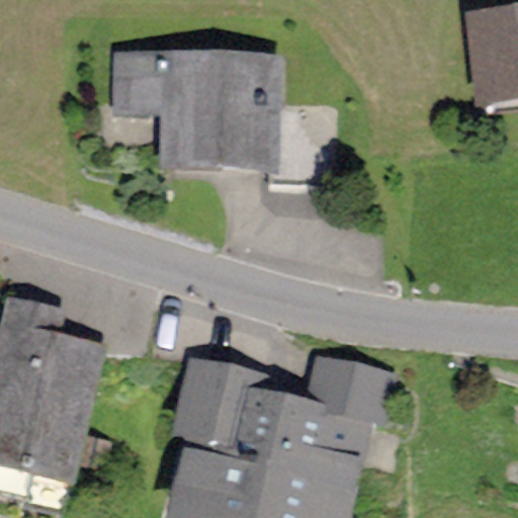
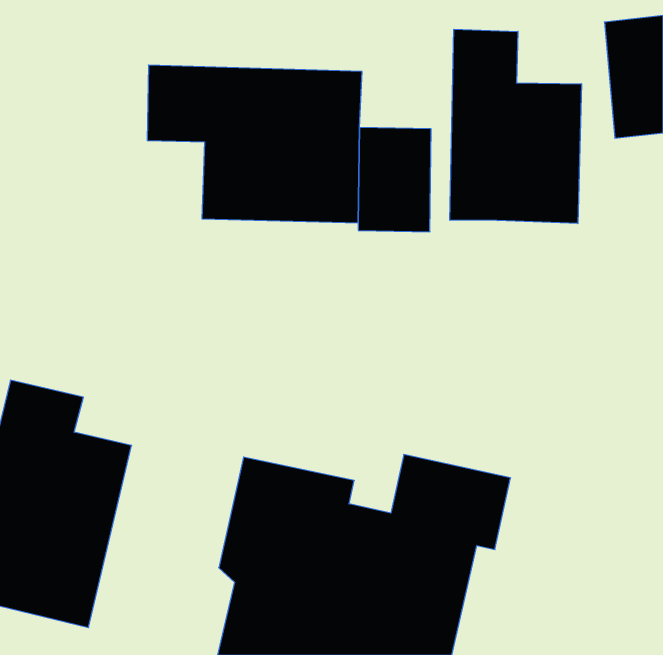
building: none -> [450,29,581,224]

